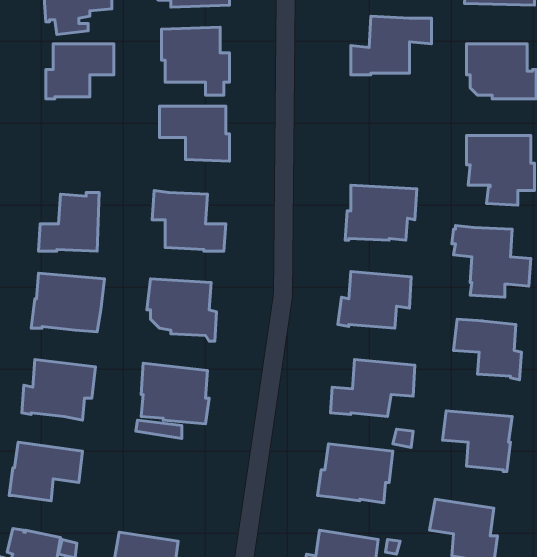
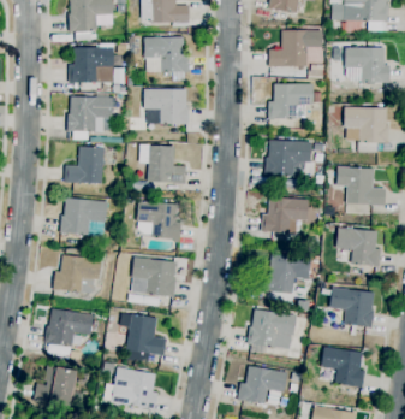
building: none -> [269,83,314,119]
building: none -> [67,96,113,131]
building: none -> [119,313,167,364]

